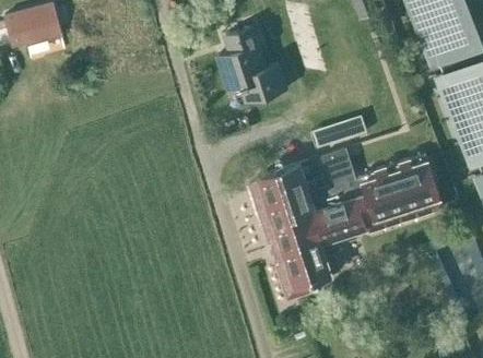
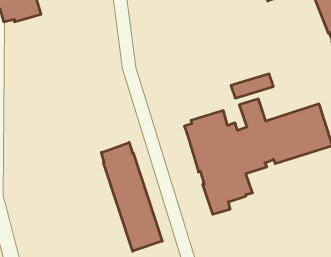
building: [217,27,285,103] -> none
building: none -> [101,142,162,251]

